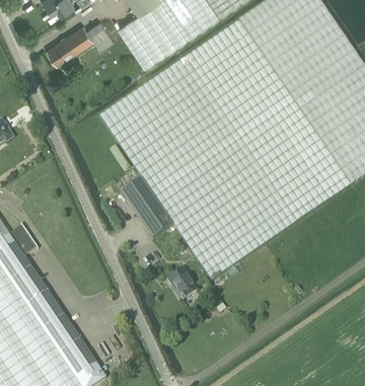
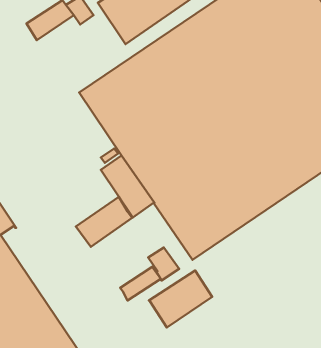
building: none -> [76,197,132,247]
building: none -> [120,267,161,301]
building: none -> [149,270,212,327]

